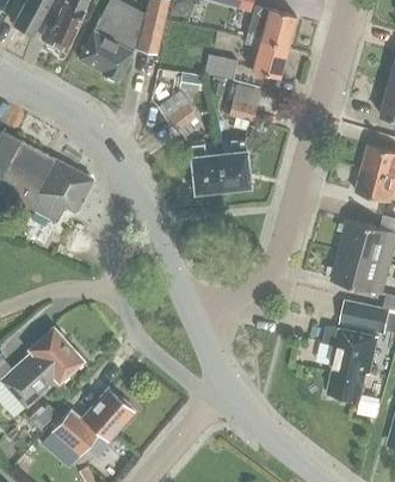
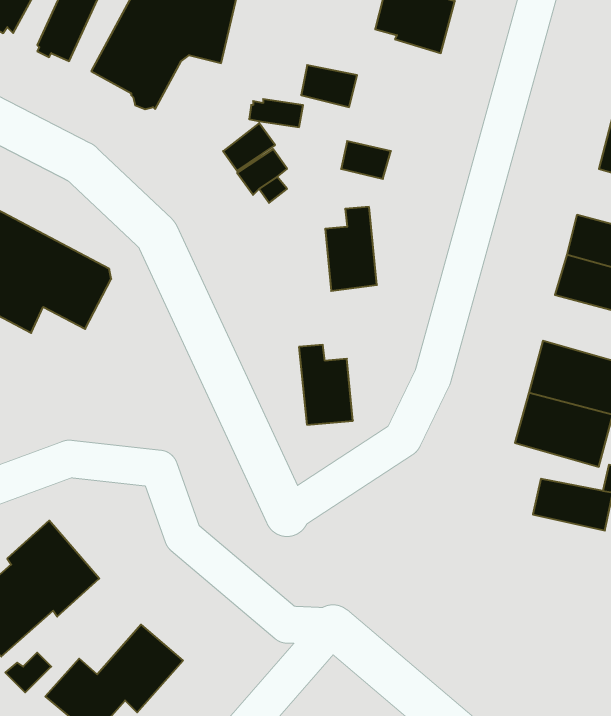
building: [245,33,288,79] -> none
building: [190,144,222,192] -> [299,345,353,425]
building: [322,326,378,401] -> none

